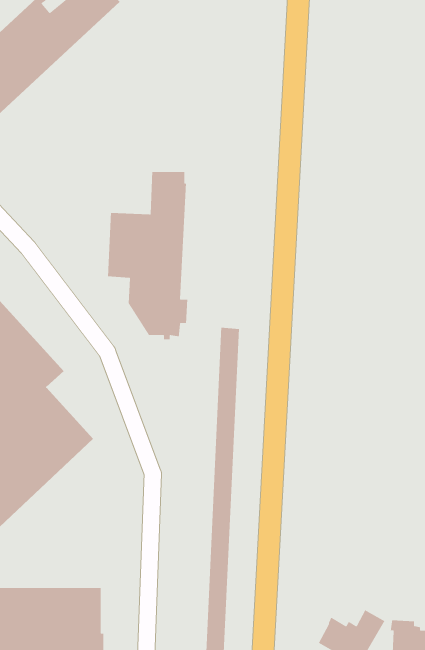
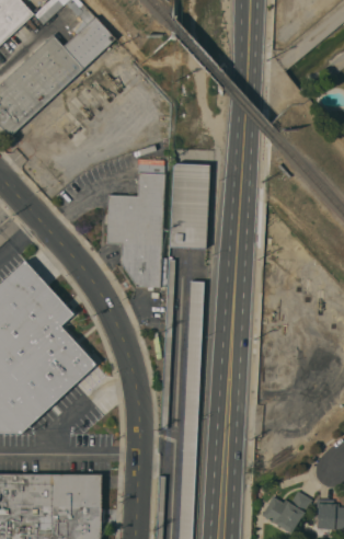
building: none -> [169,163,209,248]

